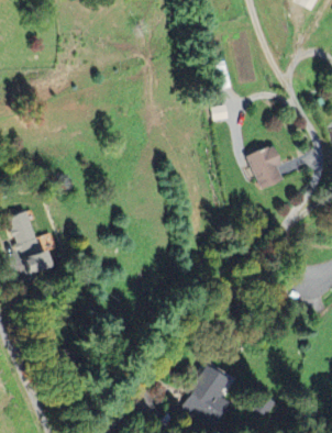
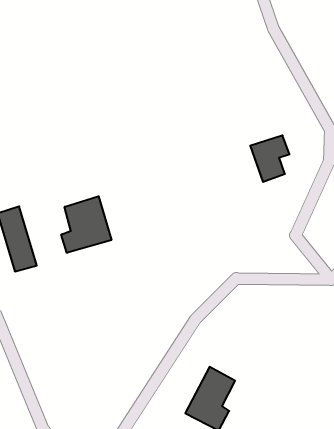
building: none -> [61,196,111,253]

